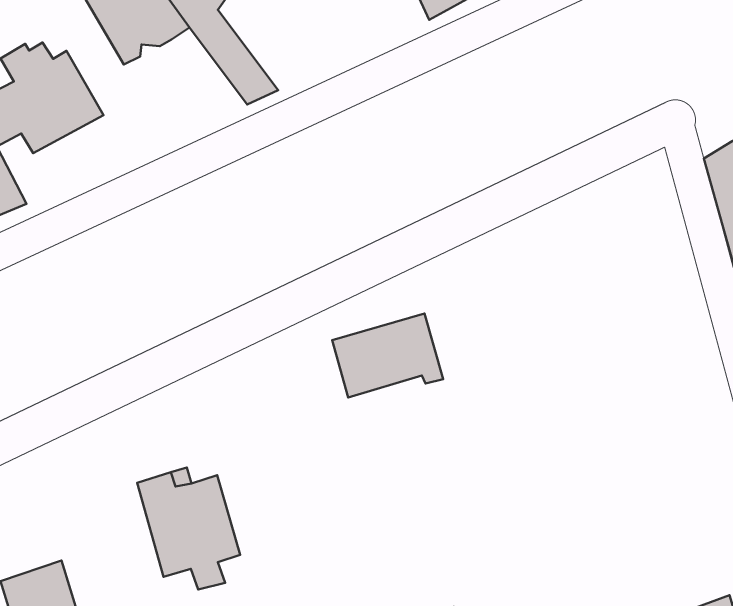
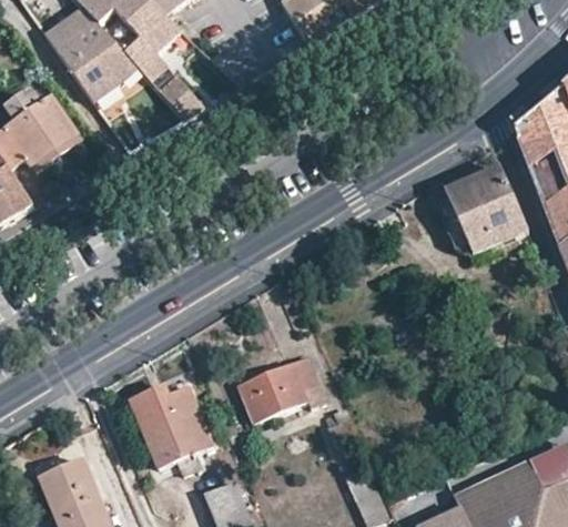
building: none -> [437,166,527,253]
building: [332,314,443,398] -> [240,357,322,423]

